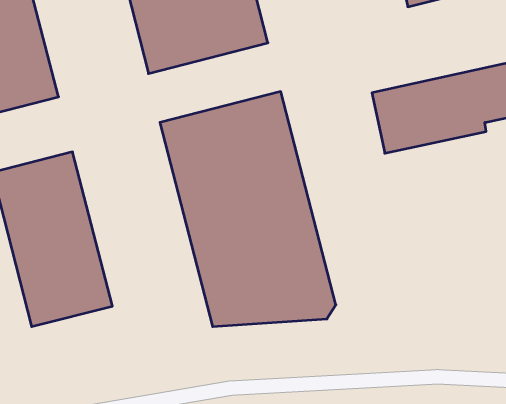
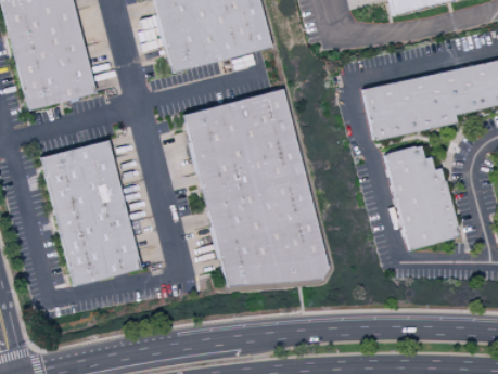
building: none -> [382,145,459,252]

